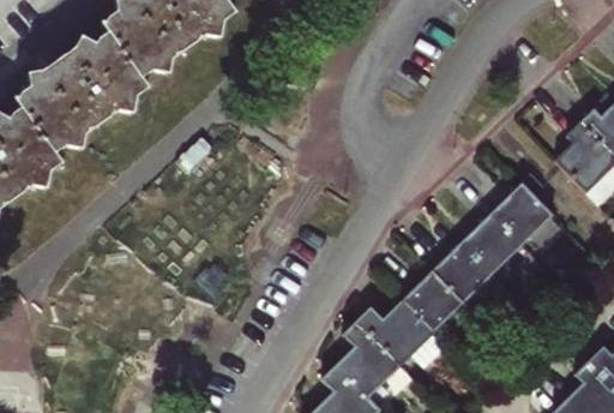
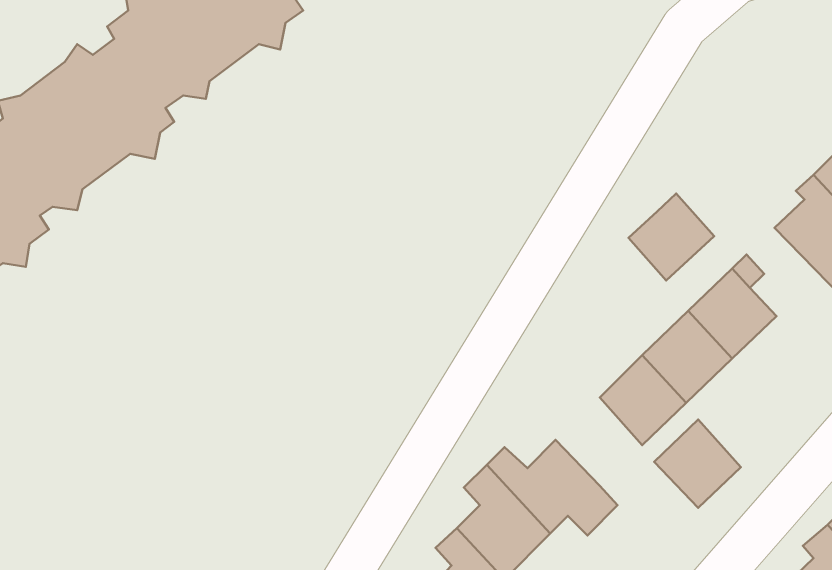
building: none -> [628,193,714,280]
building: [405,274,464,334] -> [654,419,741,508]

